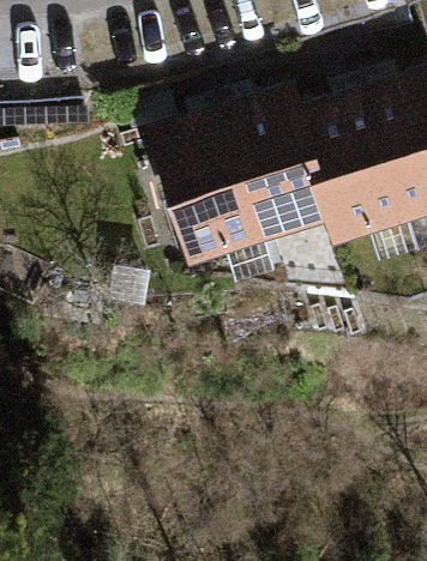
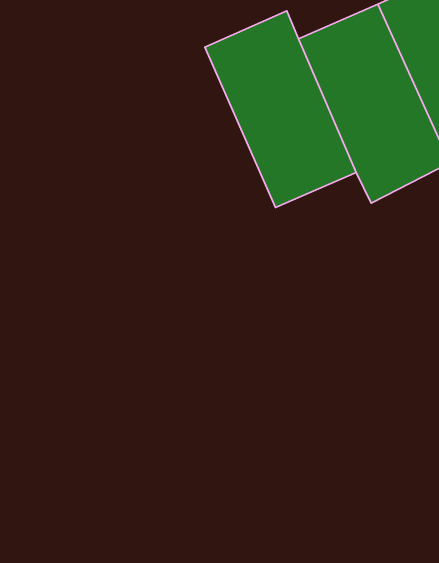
building: [148,109,264,270] -> none

